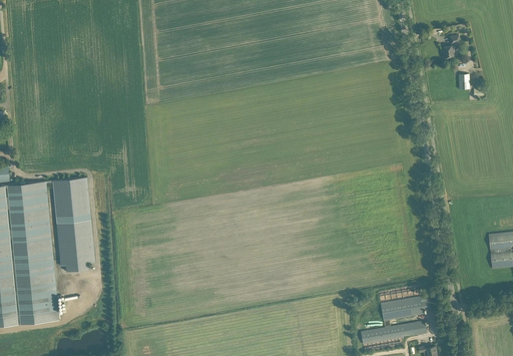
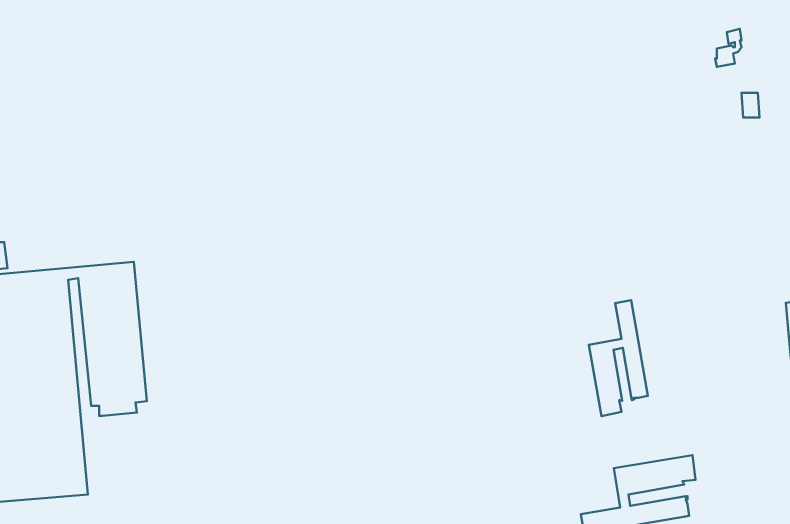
building: none -> [589,300,648,416]

